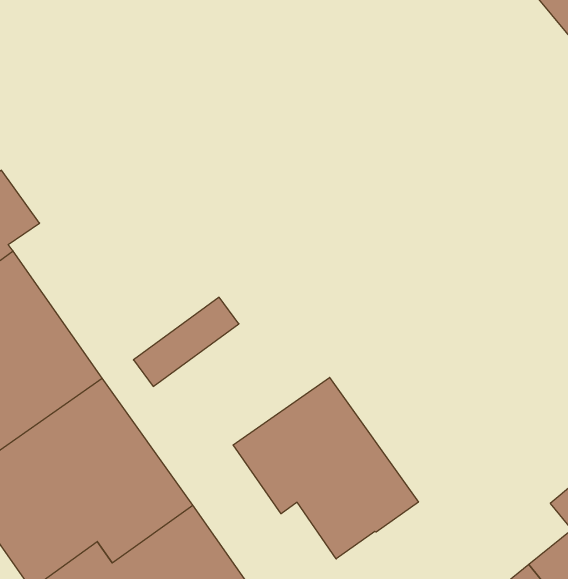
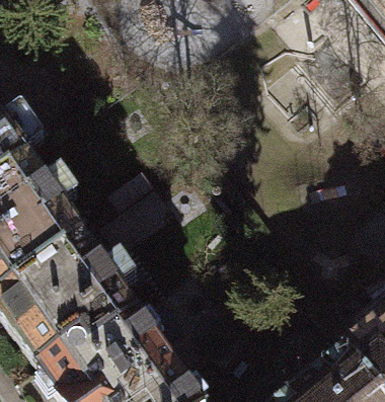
building: [233,377,418,559] -> none

